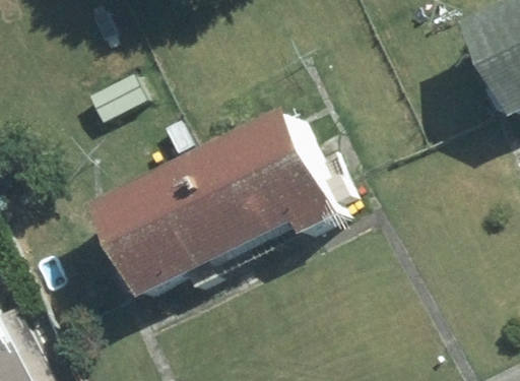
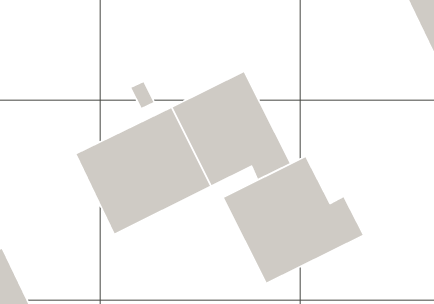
building: none -> [223,156,364,283]

